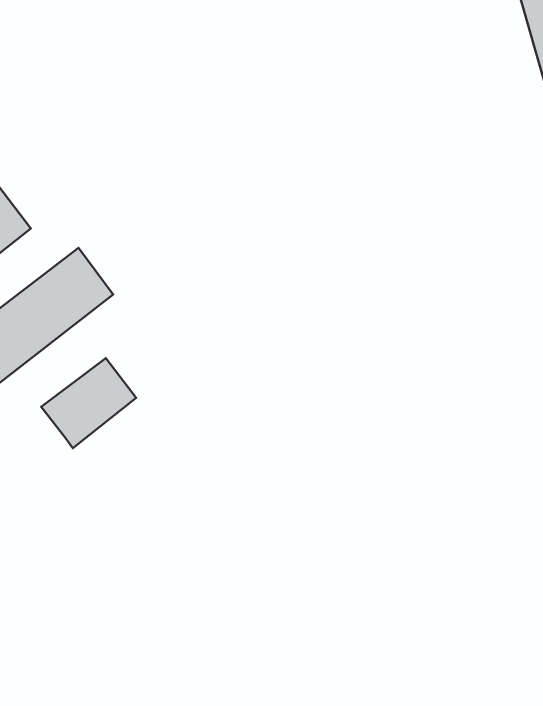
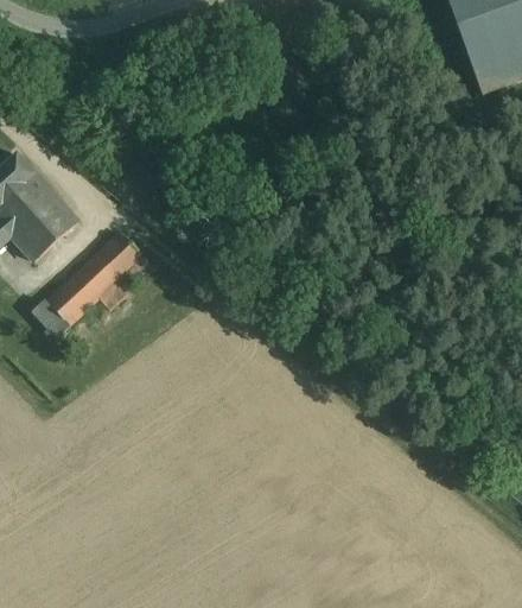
building: [41,358,136,448] -> none

